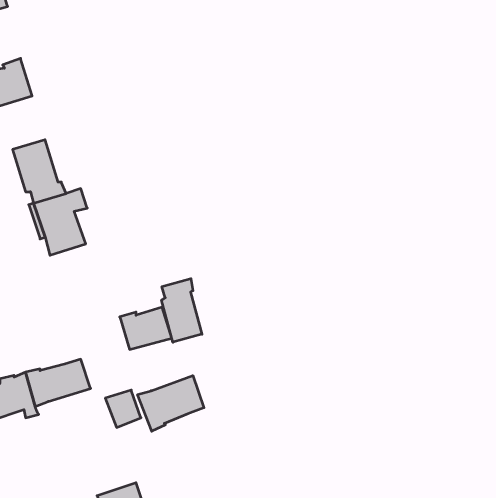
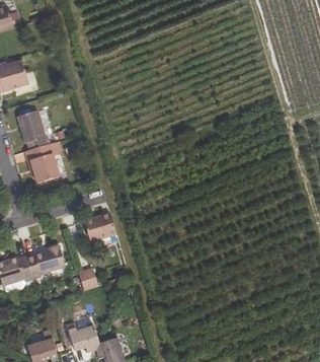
building: [162,279,202,342] -> none
building: [138,376,204,431] -> none

